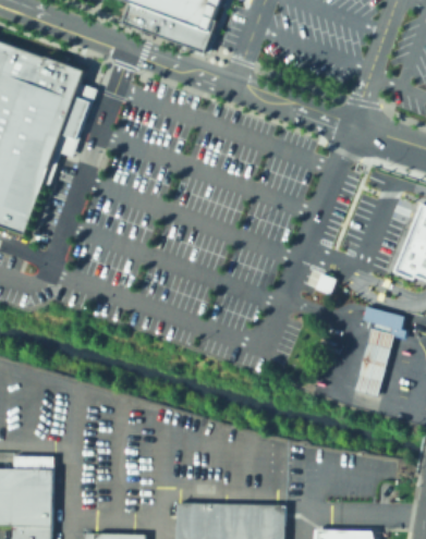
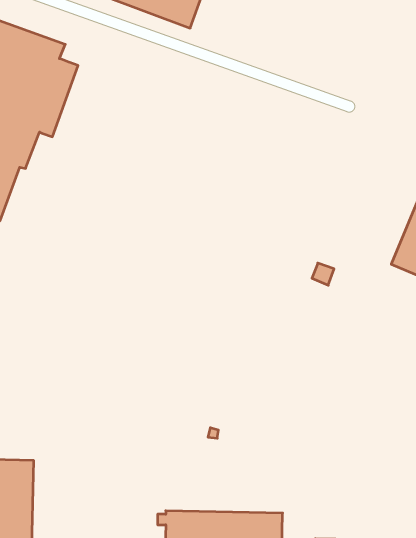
building: [354,305,406,394] -> none

